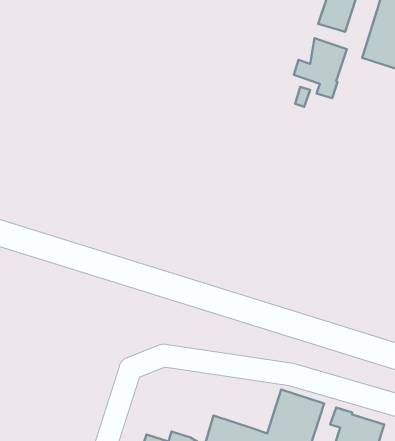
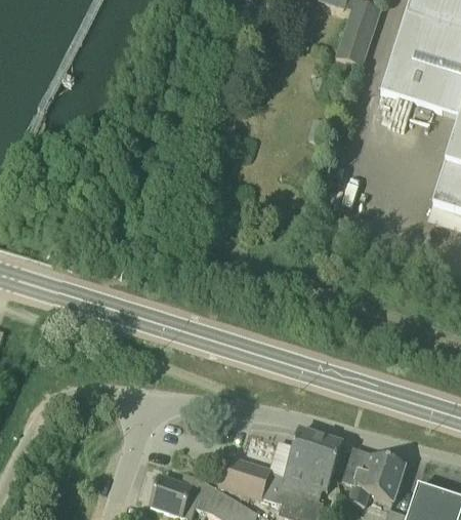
building: [294,38,347,98] -> none

